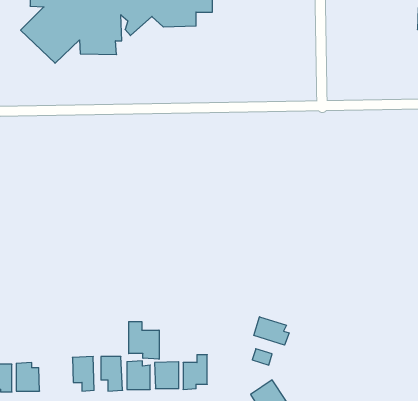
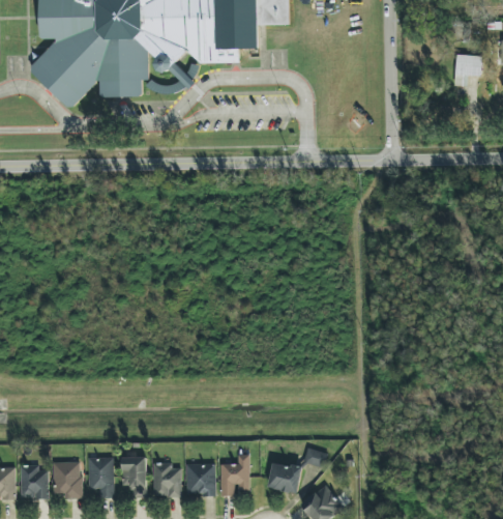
building: none -> [454,55,480,86]
building: [254,317,289,345] -> none
building: [129,322,159,359] -> none
building: none -> [53,462,82,498]
building: none -> [268,462,302,493]

